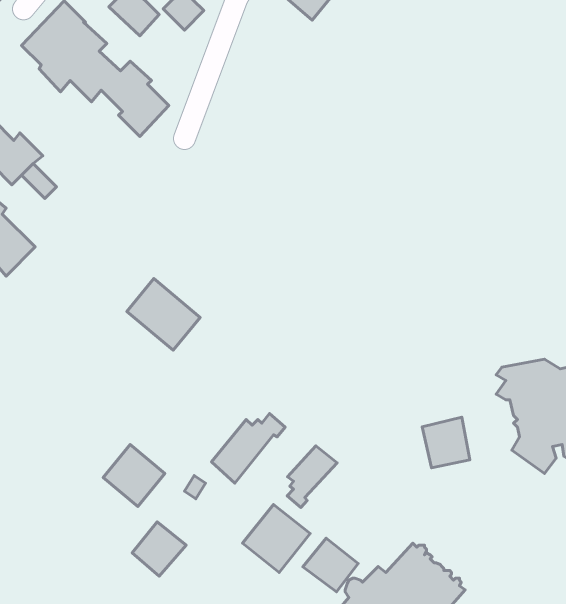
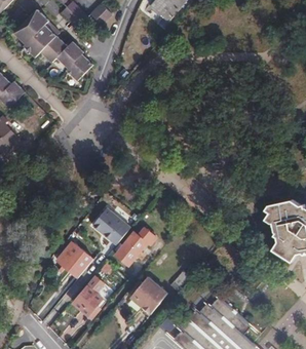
building: [127,279,200,350] -> [91,206,130,244]
building: [422,417,470,468] -> none
building: [287,446,337,507] -> none
building: [303,538,358,592] -> none

